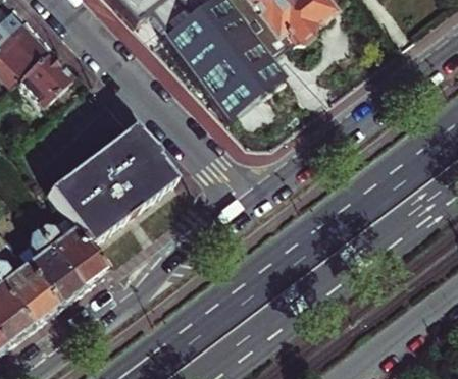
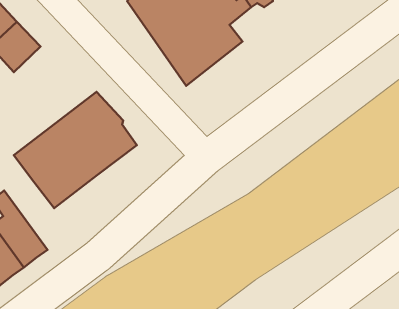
building: [38,215,107,288] -> none

